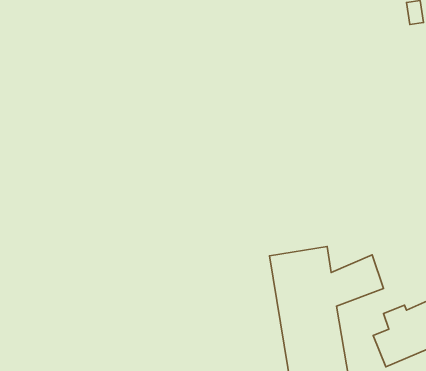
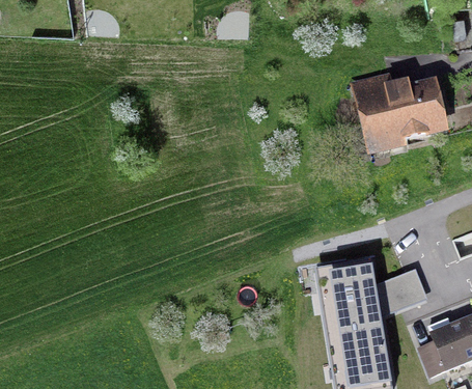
building: none -> [350,75,449,159]

